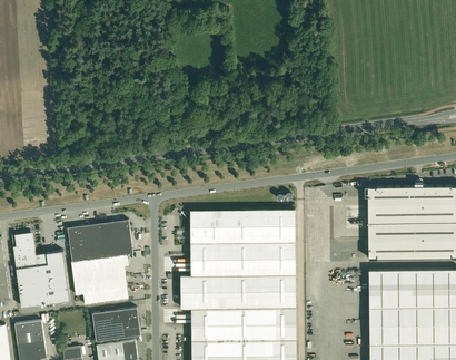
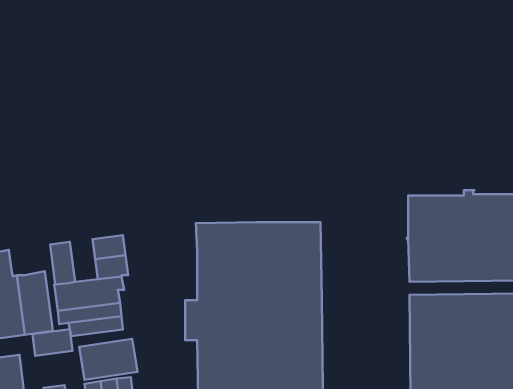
building: [83,223,107,259] -> none
building: none -> [32,329,73,356]

